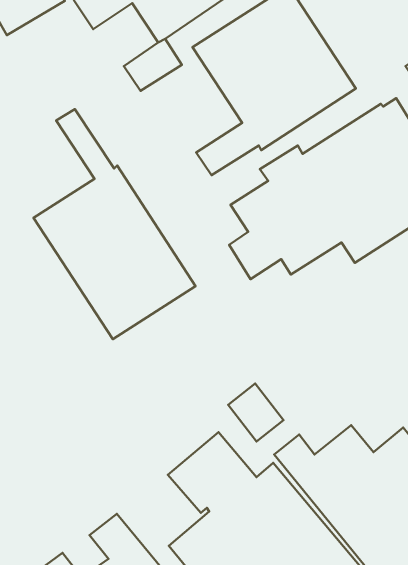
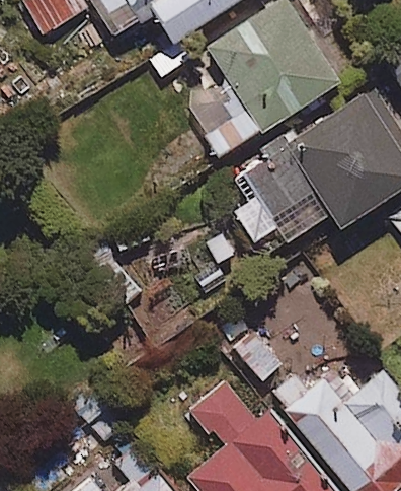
building: [34,109,196,339] -> none

